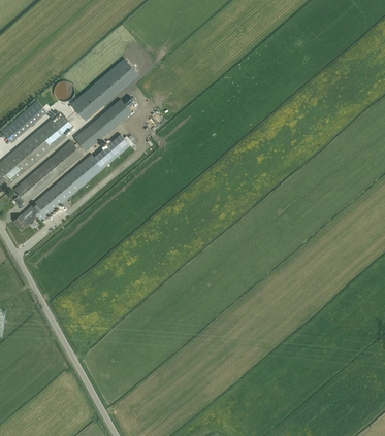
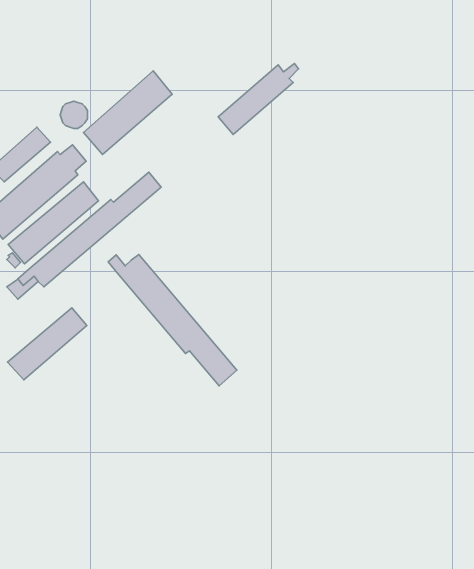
building: [73,97,134,150] -> [218,63,299,135]
building: none -> [108,254,237,386]
building: none -> [8,308,87,380]

